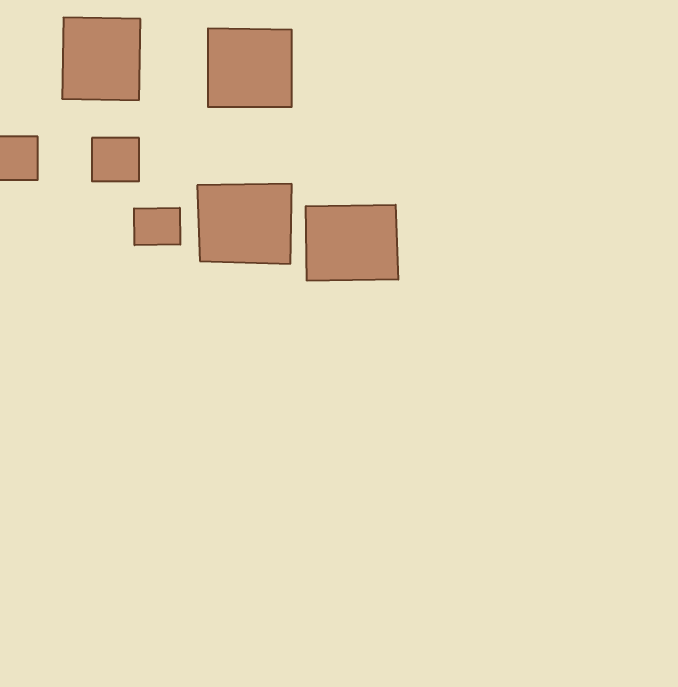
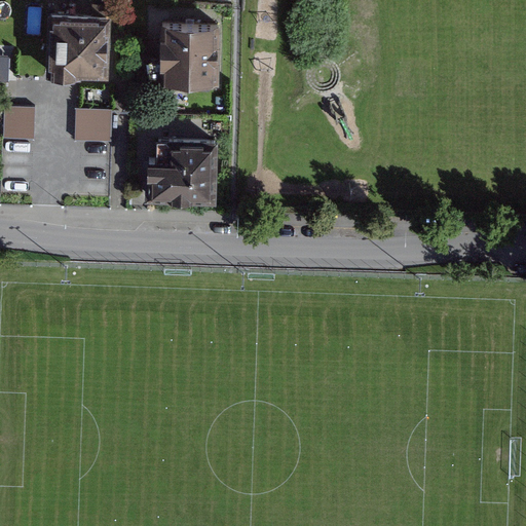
building: [306,205,398,281] -> none
building: [134,208,180,245] -> none

